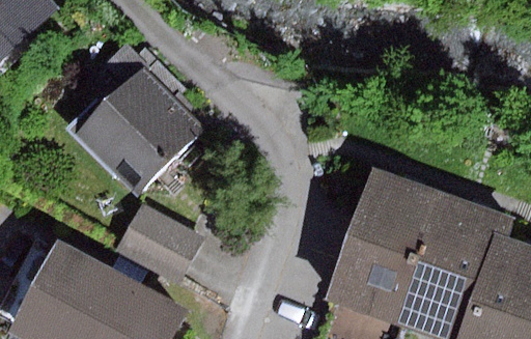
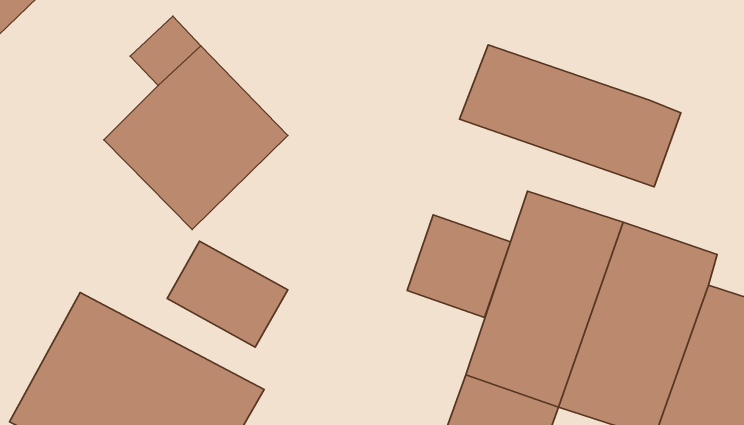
building: none -> [459,45,681,187]
building: none -> [407,215,510,317]

